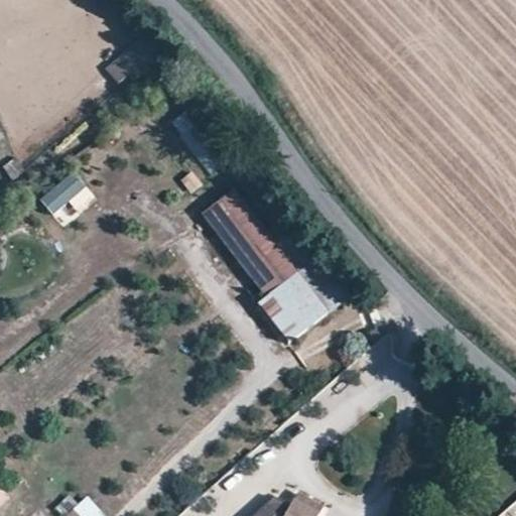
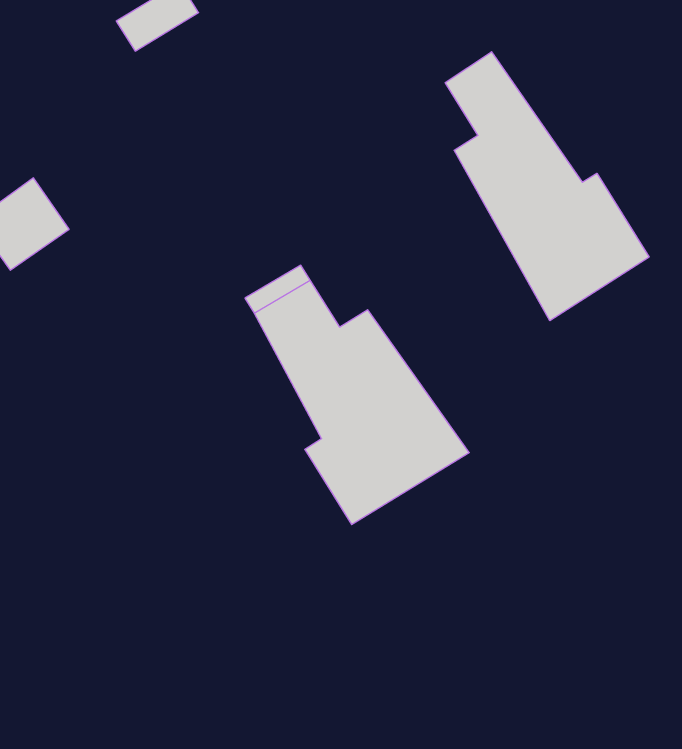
building: none -> [445,52,649,321]

